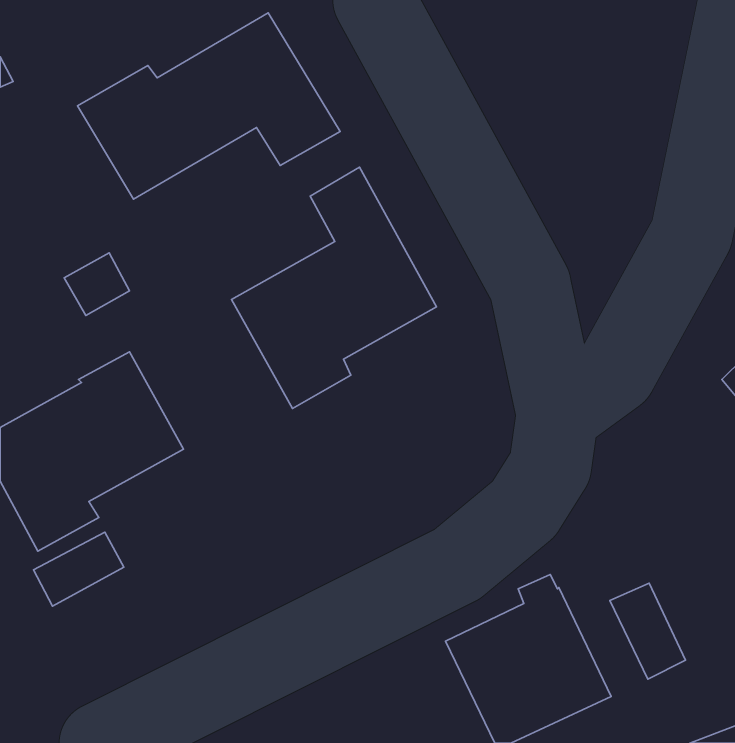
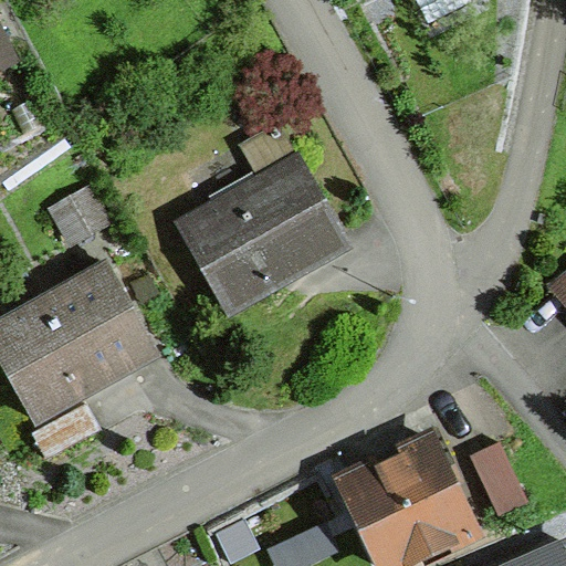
building: [78,13,340,199] -> none

